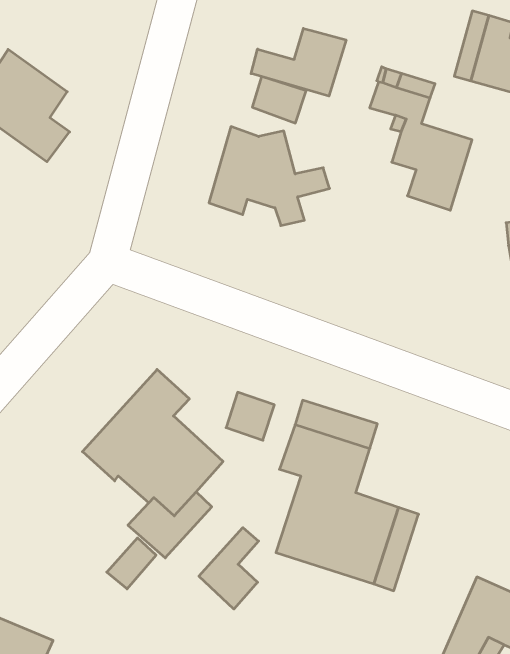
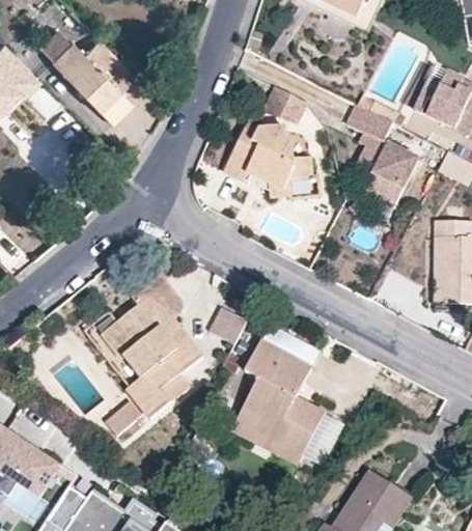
building: [251,28,346,96] -> none
building: [199,528,259,609] -> none

